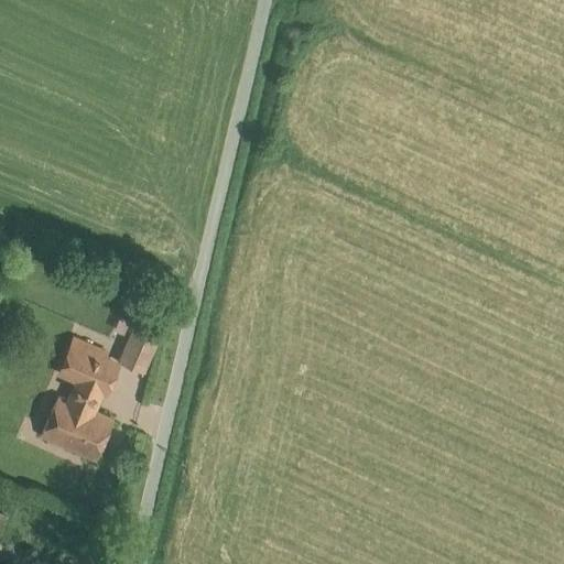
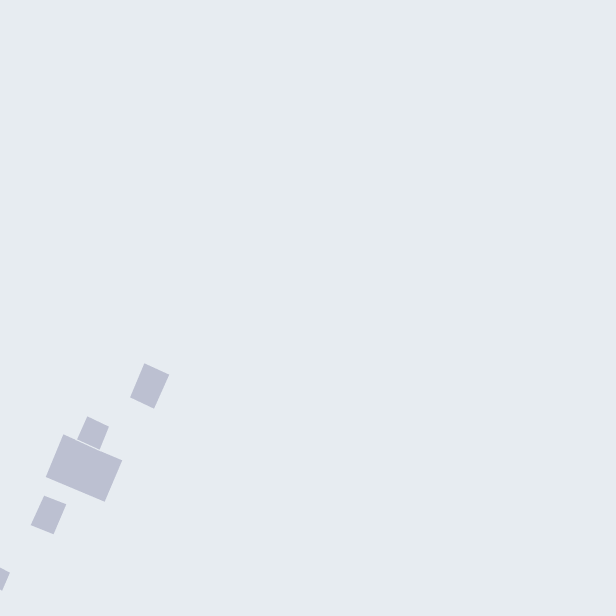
building: [61,347,116,391] -> none
building: none -> [30,495,67,535]

